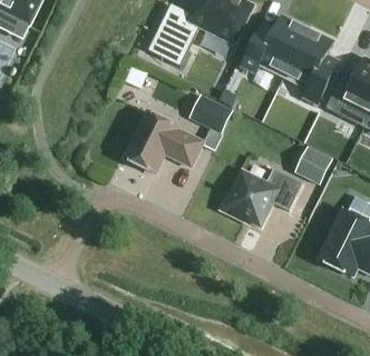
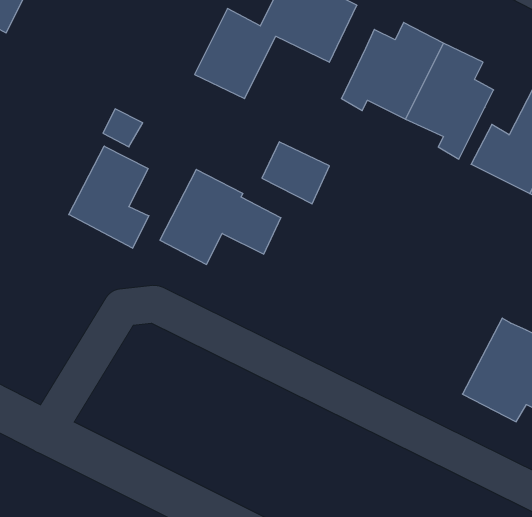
building: none -> [69,146,149,248]
building: [295,146,332,184] -> none
building: [220,167,303,226] -> none

